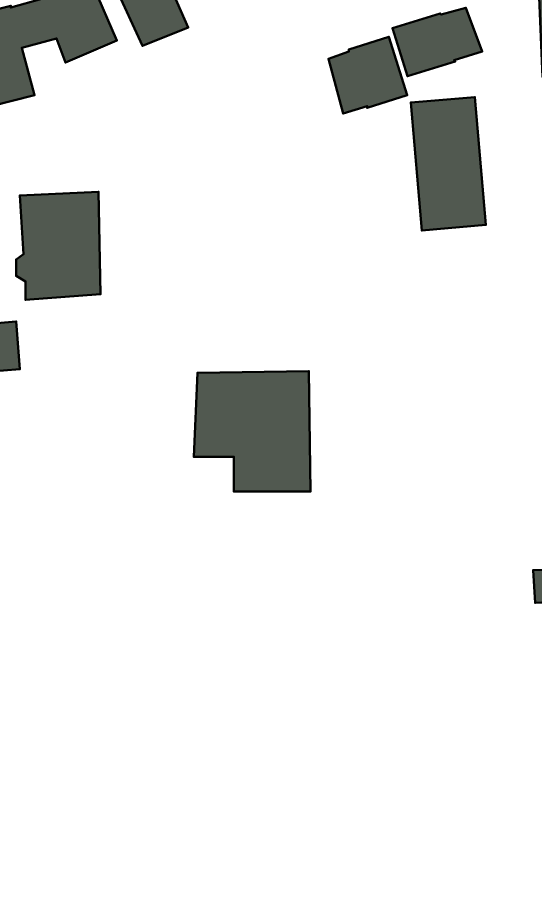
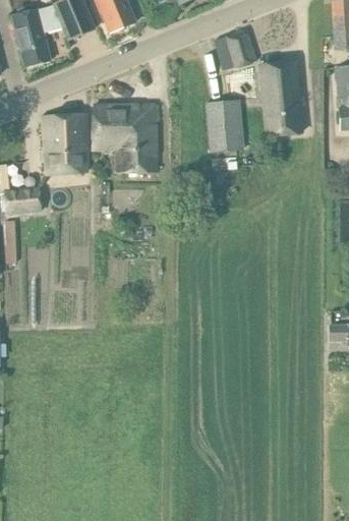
building: [393,8,482,76] -> none
building: none -> [203,99,244,152]
building: [194,371,311,492] -> [92,103,157,170]

